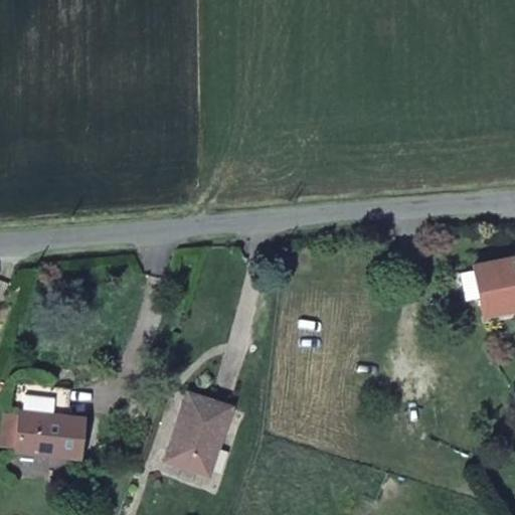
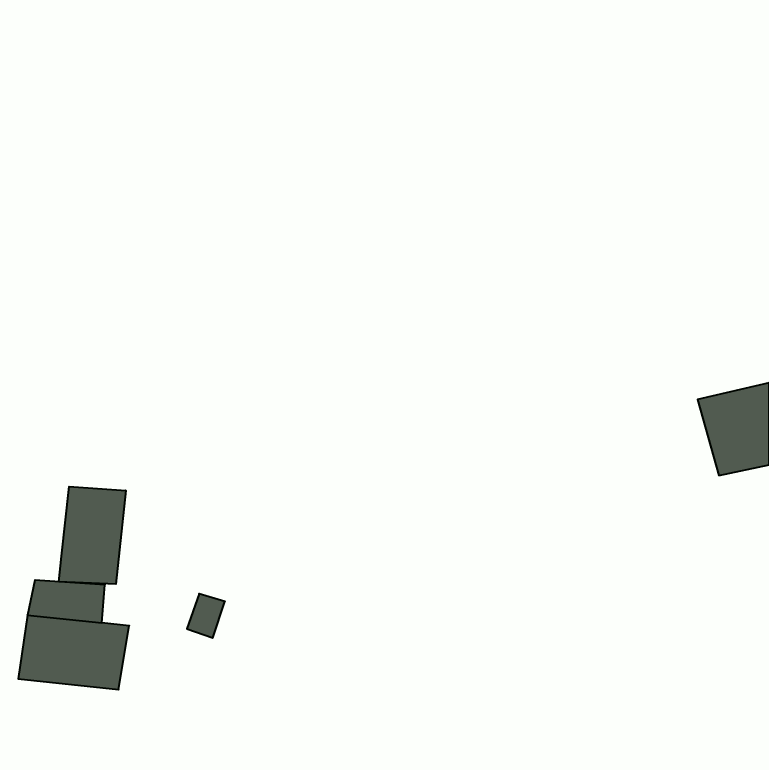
building: none -> [59,487,126,584]
building: [168,398,232,477] -> none

